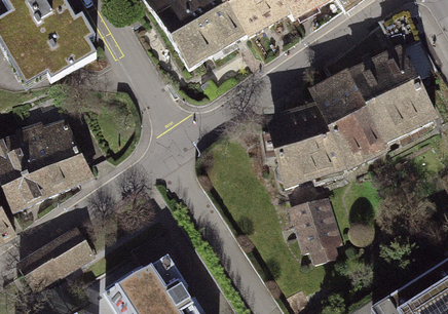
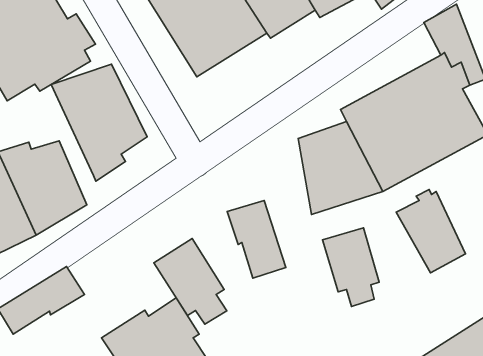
building: none -> [51,64,147,181]
building: none -> [396,189,466,273]
building: none -> [227,200,286,278]
building: none -> [154,238,227,324]

